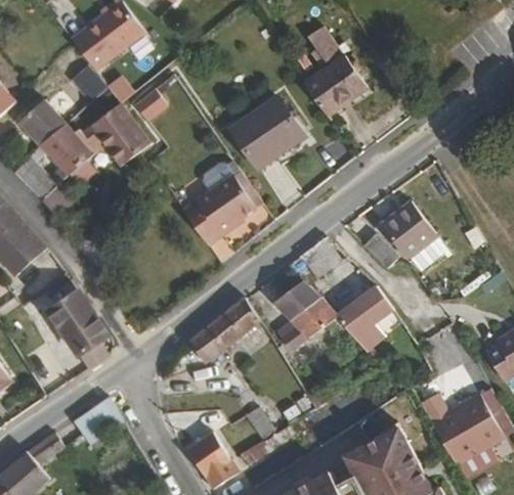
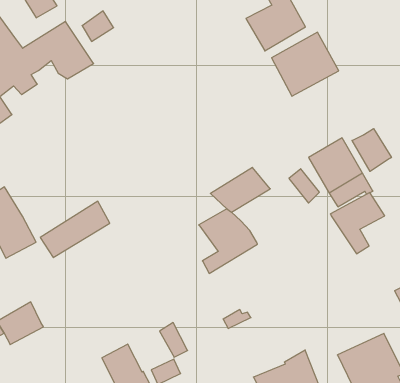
building: [232,98,303,167] -> [272,32,339,96]
building: [180,155,261,242] -> none
building: none -> [352,129,391,171]
building: [336,288,392,353] -> [330,193,385,254]
building: [188,300,259,362] -> [40,201,110,258]

